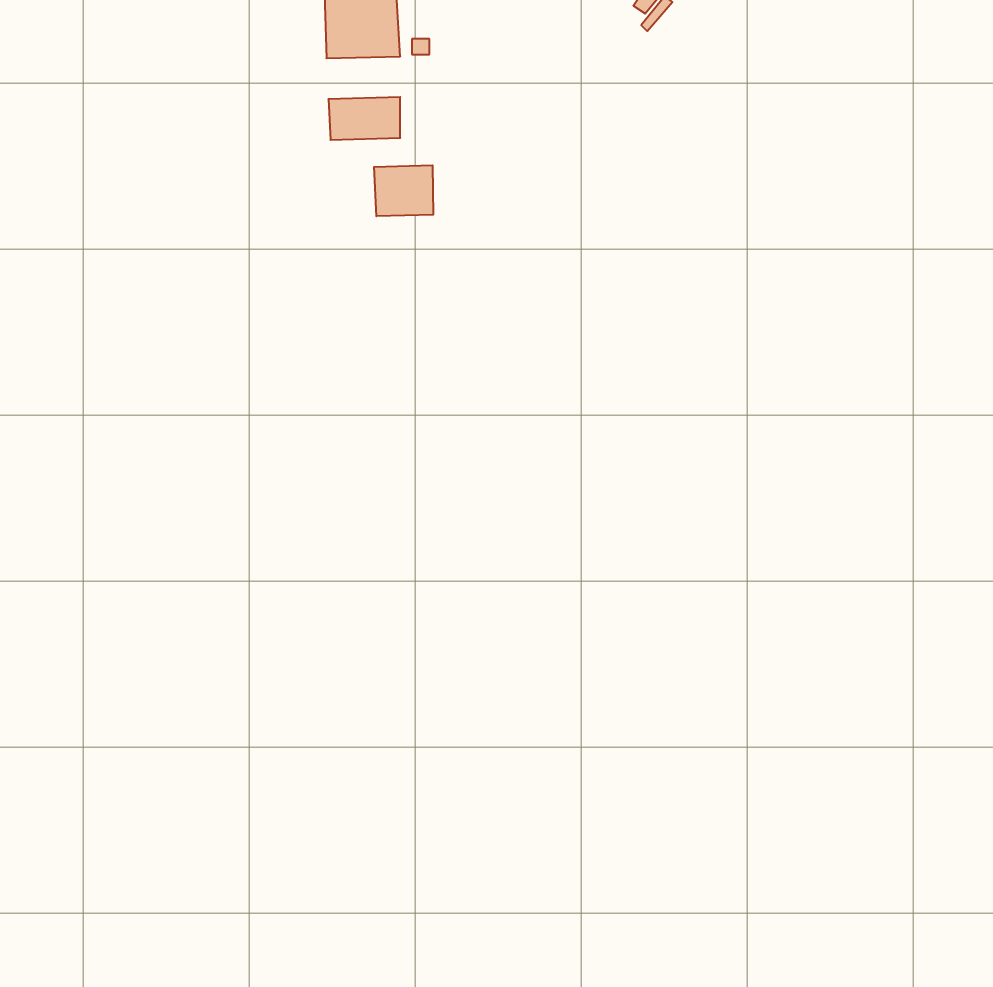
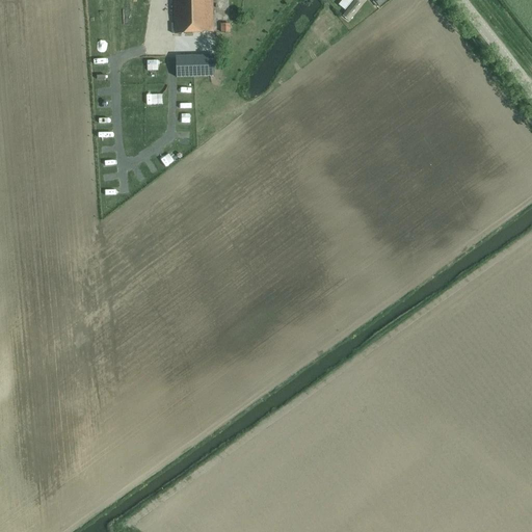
building: [374,165,433,216] -> none

